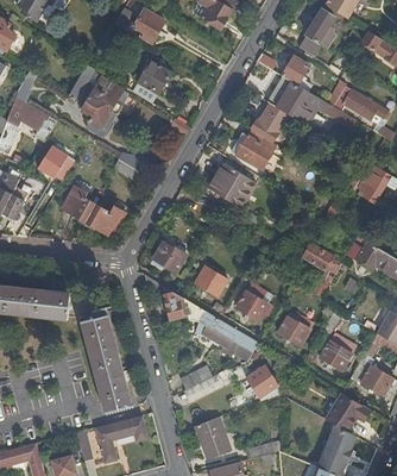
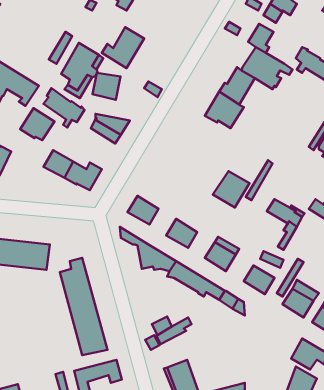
building: none -> [93,73,120,100]
building: none -> [43,88,85,128]
building: [207,163,246,202] -> [213,171,249,208]
building: [246,365,277,397] -> none

